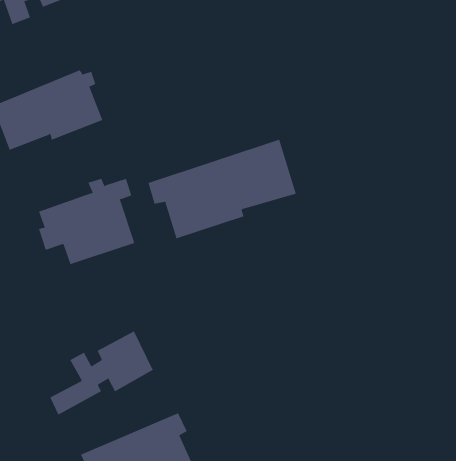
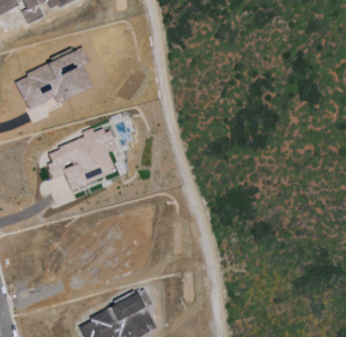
building: [148,139,296,239] -> none
building: [49,331,153,415] -> none

